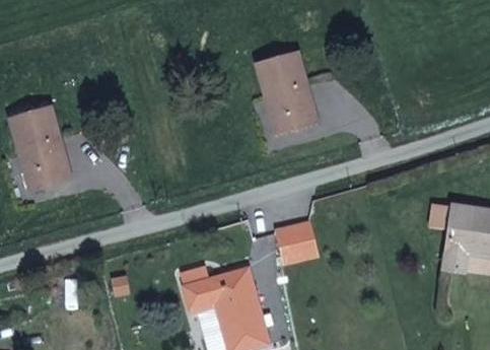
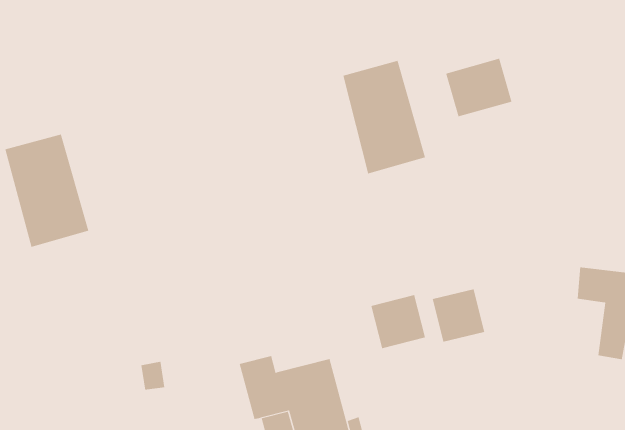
building: none -> [445,58,512,117]
building: none -> [432,288,485,343]

